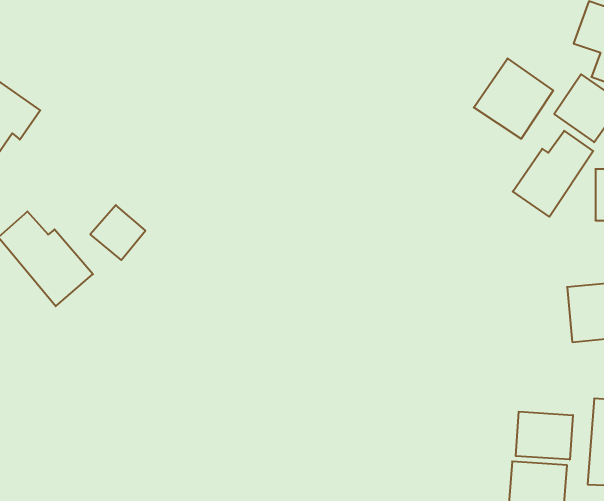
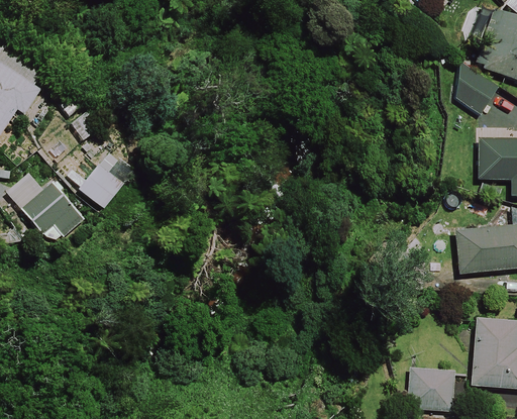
building: [474,58,553,139] -> none
building: [513,131,593,217] -> none
building: [516,412,573,460] -> none

